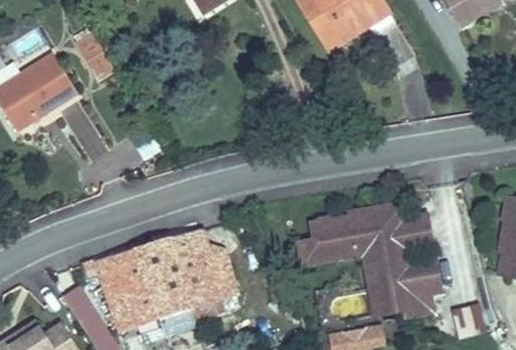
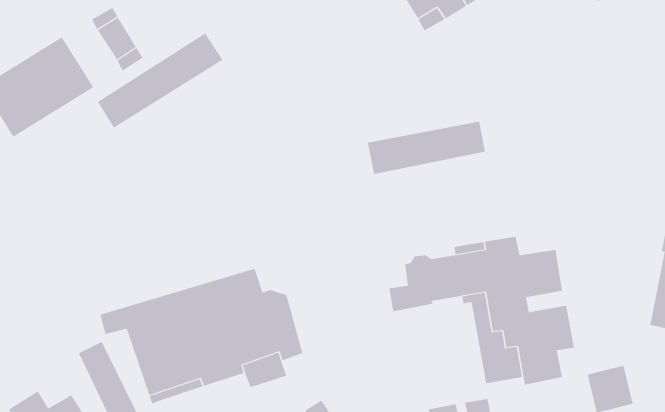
building: none -> [97,32,223,128]
building: none -> [367,121,485,175]

